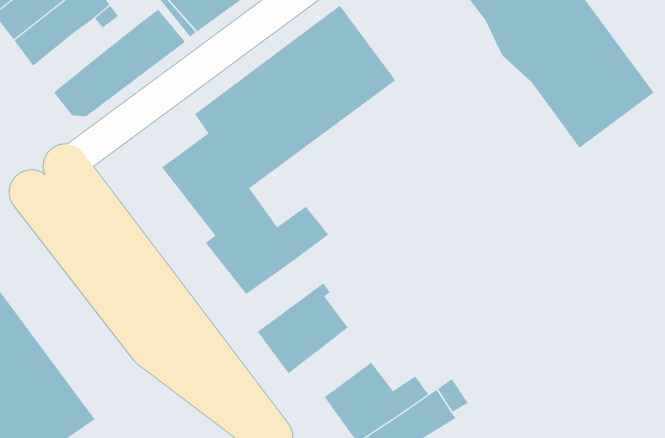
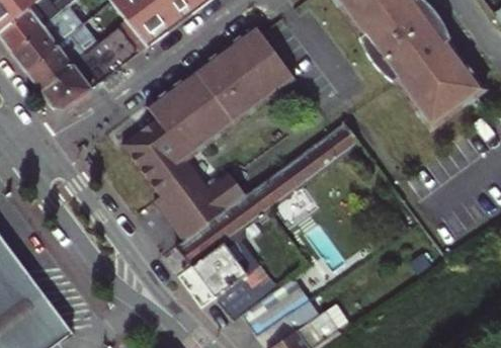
building: none -> [25,44,72,88]
building: none -> [175,122,358,265]
building: none -> [215,262,276,321]

